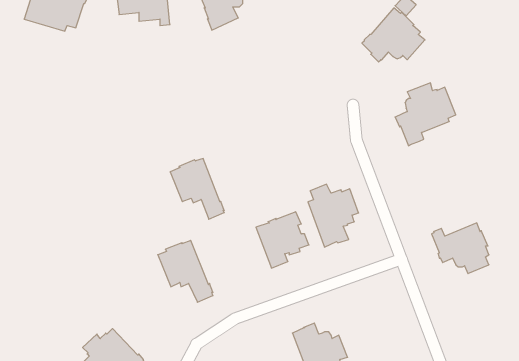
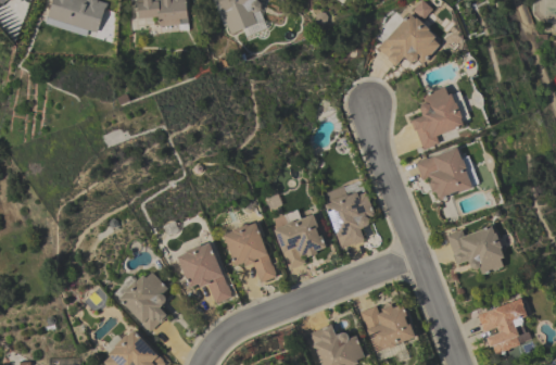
building: none -> [416,147,479,200]
building: [170,159,224,219] -> [223,223,276,282]
building: none -> [118,272,167,331]
building: none -> [477,299,527,356]
building: none -> [359,304,415,352]

